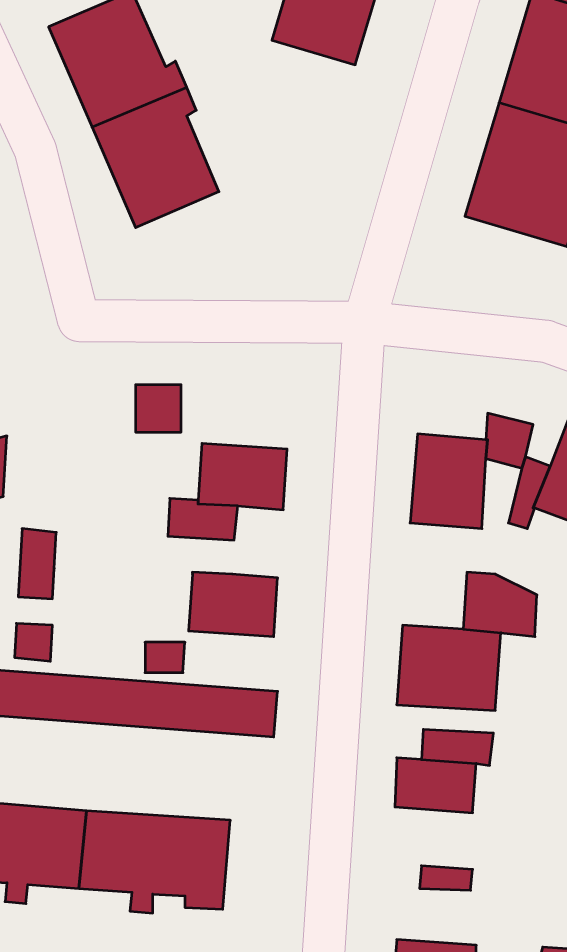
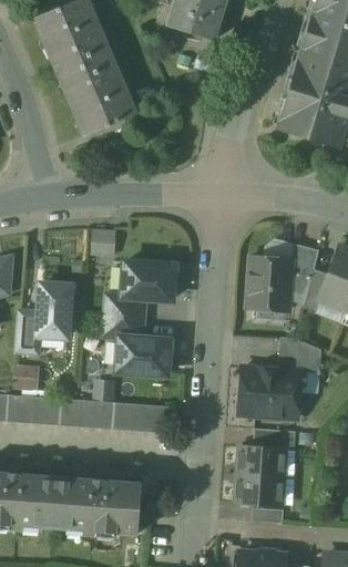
building: none -> [38,285,70,337]
building: none -> [102,316,143,338]
building: none -> [235,474,283,506]

